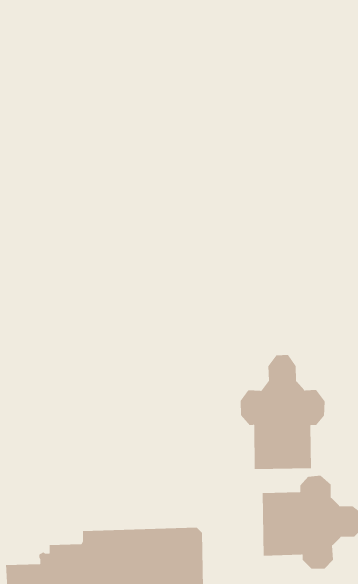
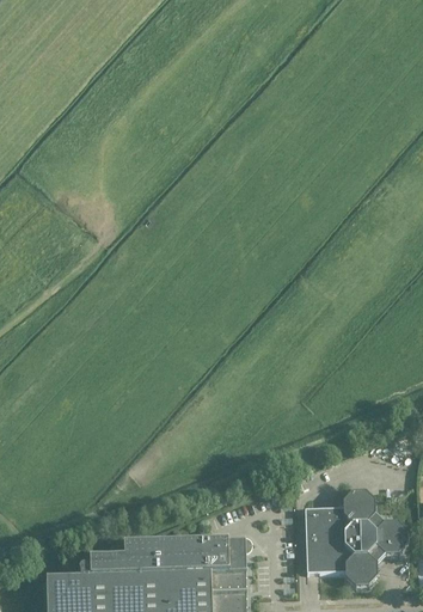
building: [240,354,326,470] -> none

